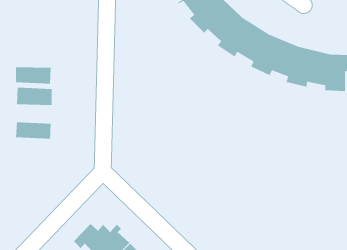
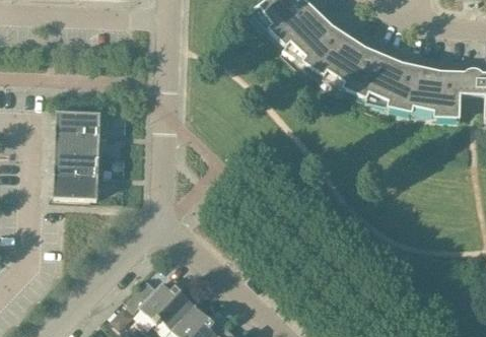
building: [15,66,52,85] -> [55,134,99,156]
building: none -> [53,175,97,199]

